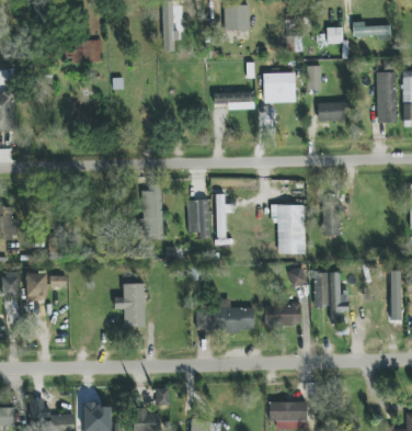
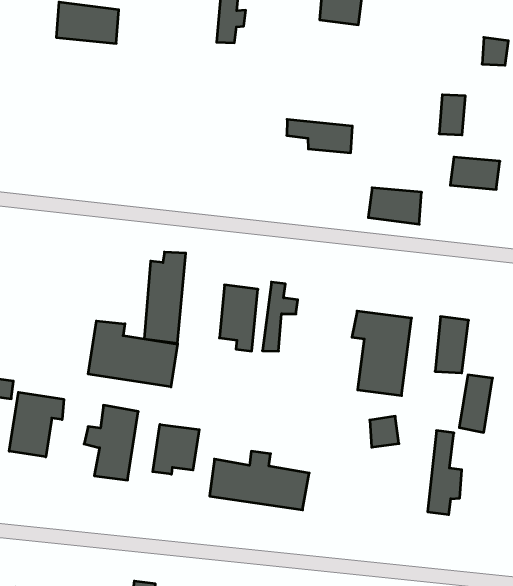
building: [263,72,295,92] -> [368,188,422,224]
building: none -> [88,321,178,387]
building: [312,272,329,306] -> [459,375,493,432]
building: none -> [9,392,64,457]
building: none -> [153,424,199,474]
building: [264,304,300,327] -> none

